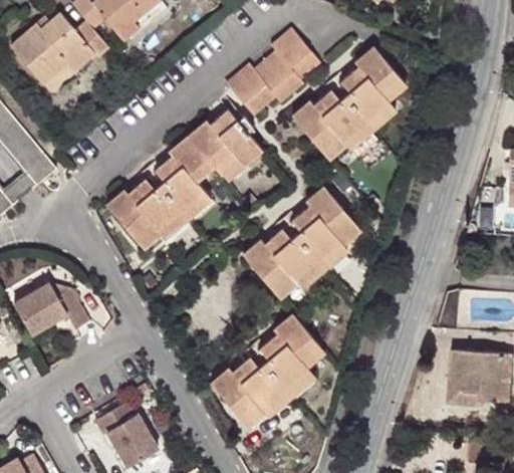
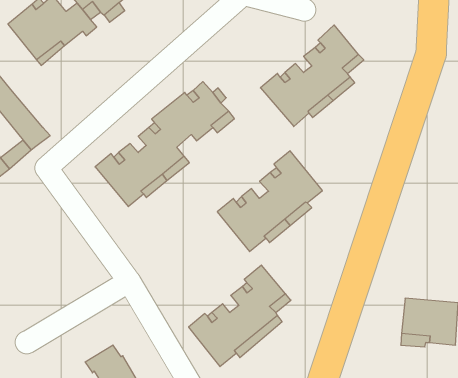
building: [225,27,321,115] -> none
building: [14,284,90,335] -> none

